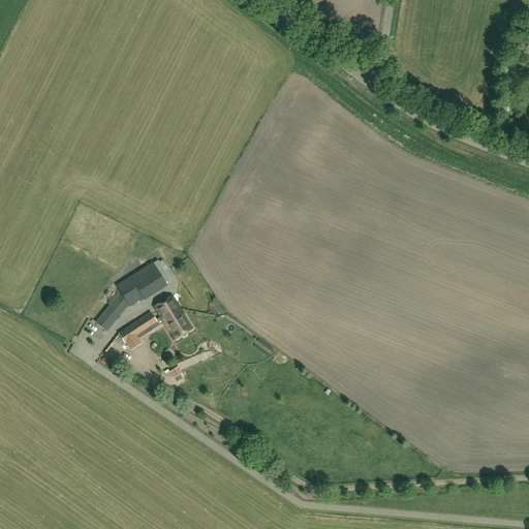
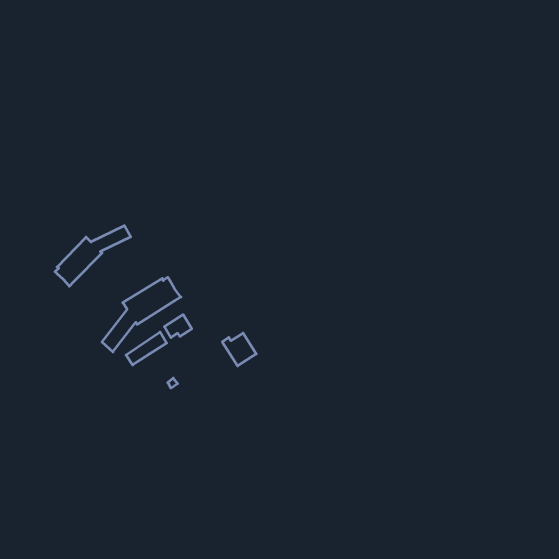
building: none -> [55,226,131,286]
building: [162,311,194,342] -> [222,333,256,366]

